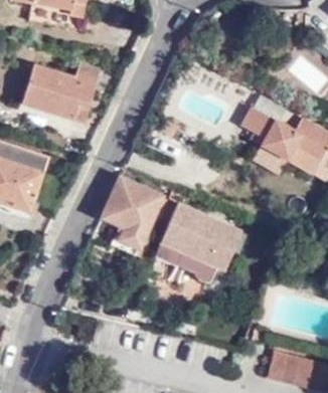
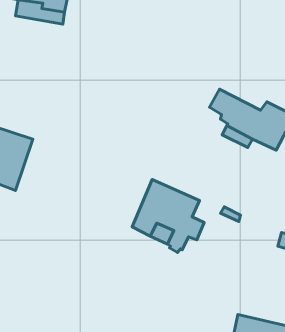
building: [20,64,100,124] -> none
building: [104,180,165,249] -> none

